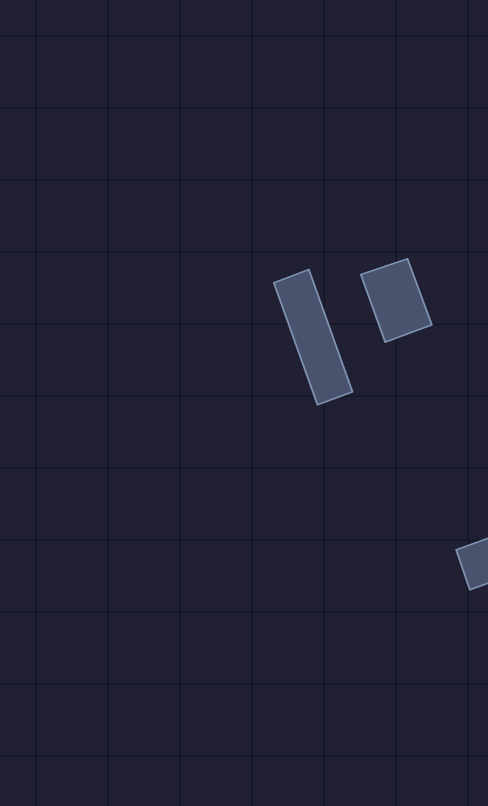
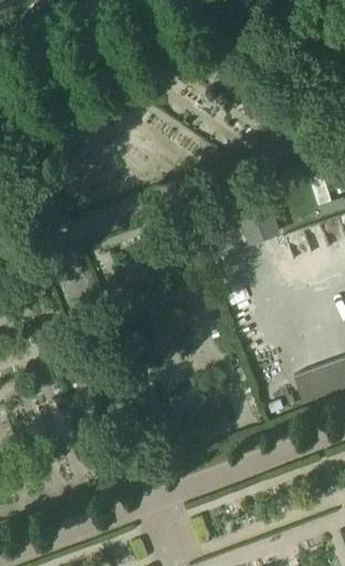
building: [274,270,353,405] -> none

